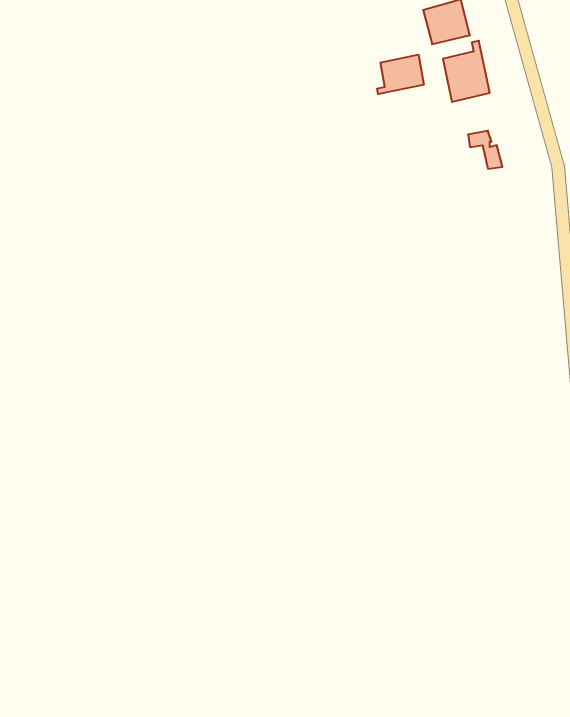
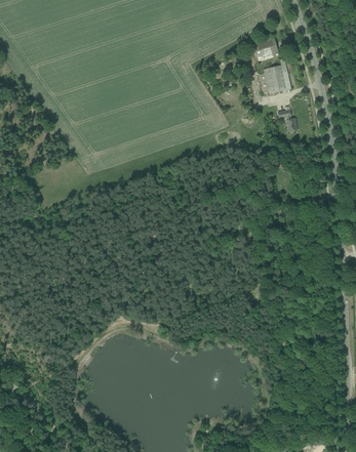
building: [377,55,424,94] -> none

